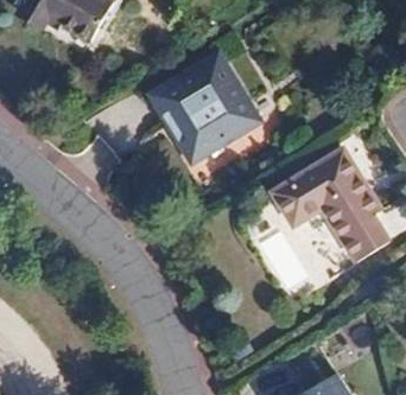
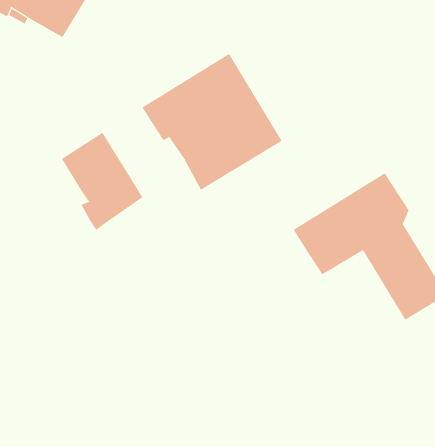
building: none -> [61,132,143,231]

